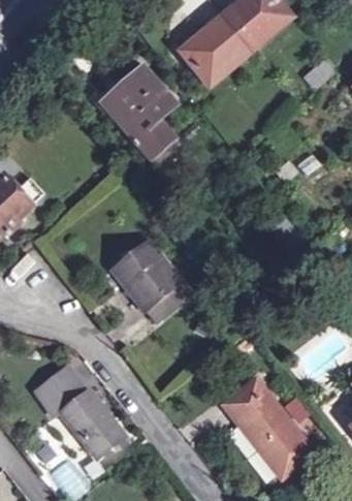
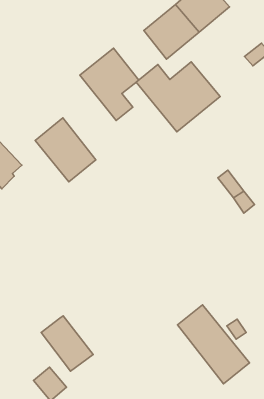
building: none -> [136,62,220,132]
building: [113,243,187,321] -> [35,118,96,182]
building: [32,372,79,419] -> none

